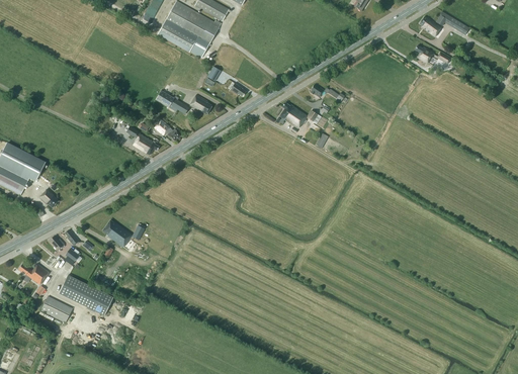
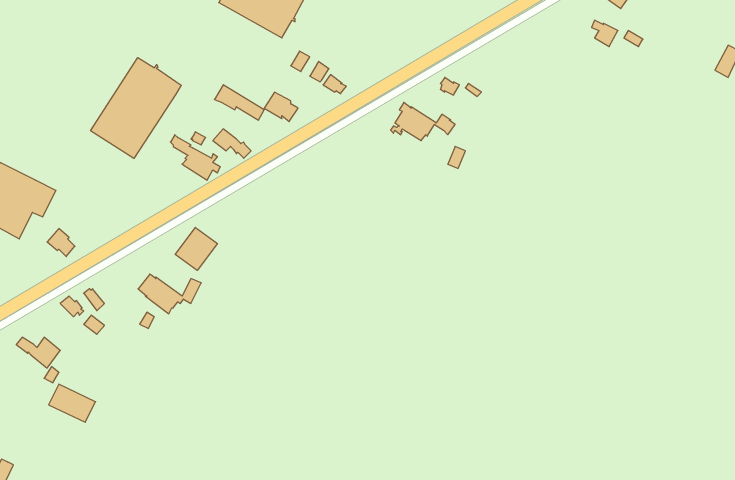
building: none -> [91,58,181,158]
building: none -> [175,227,217,270]
building: [59,275,113,315] -> none

